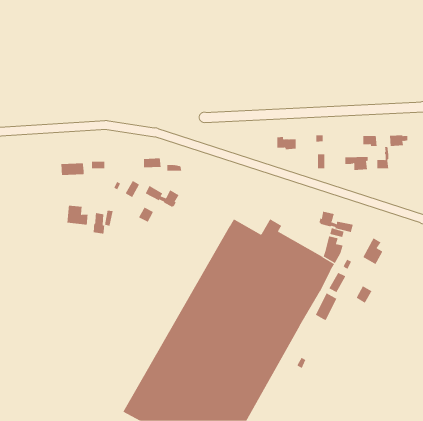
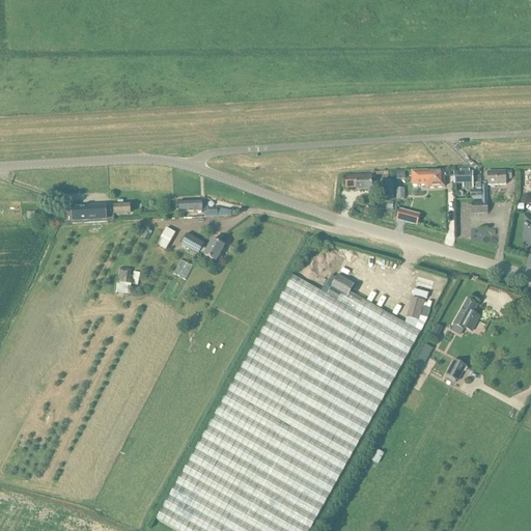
building: [345,156,369,170] -> [416,168,446,186]
building: [67,205,88,225] -> none
building: [319,211,354,233] -> none
building: [314,292,337,321] -> none

